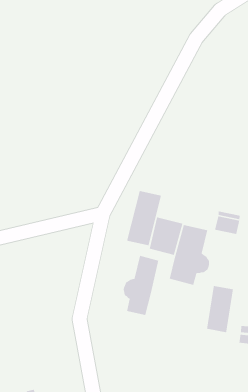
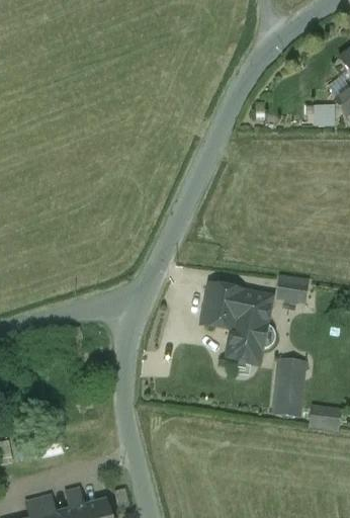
building: [126,190,162,246] -> none
building: [123,255,159,316] -> none

